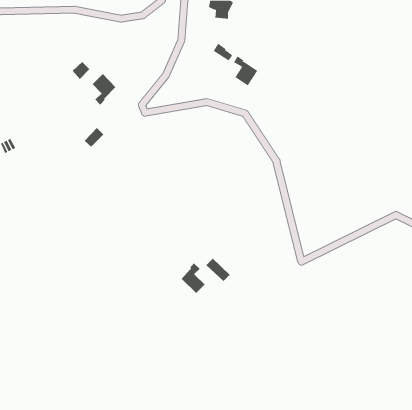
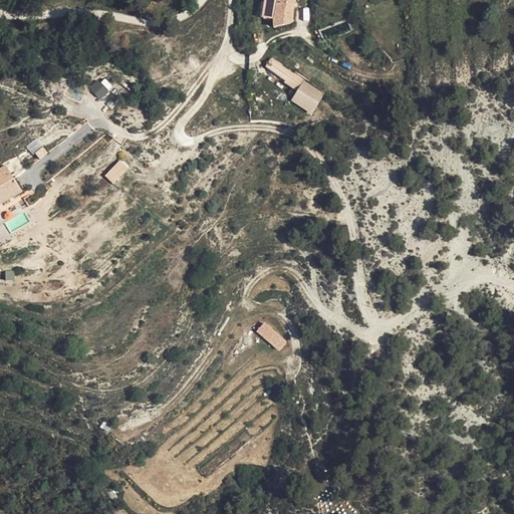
building: [92,73,116,105] -> none
building: [181,263,205,294] -> none

